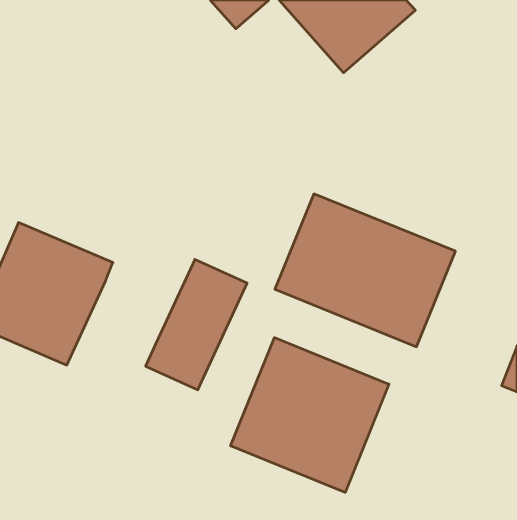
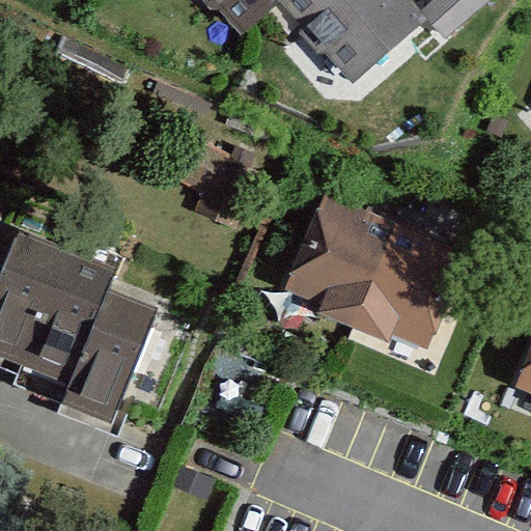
building: [146,259,247,390] -> [57,288,160,420]
building: [231,338,389,492] -> none

